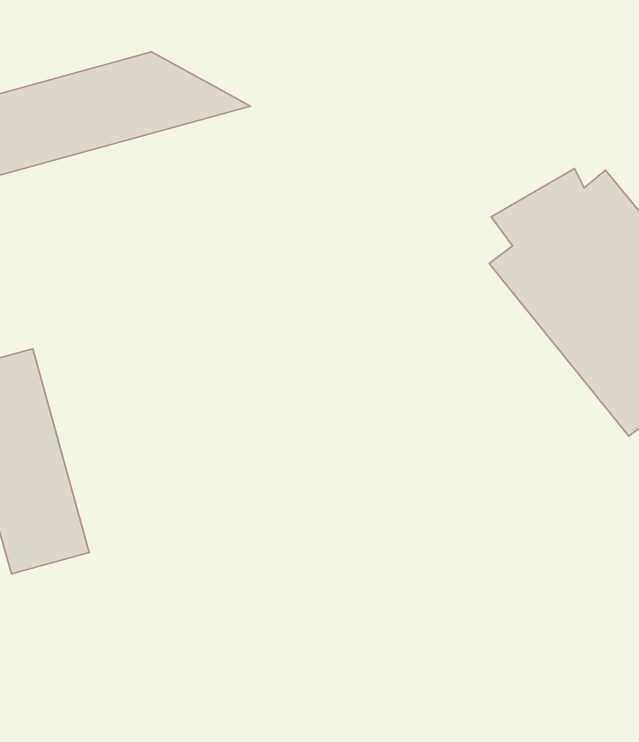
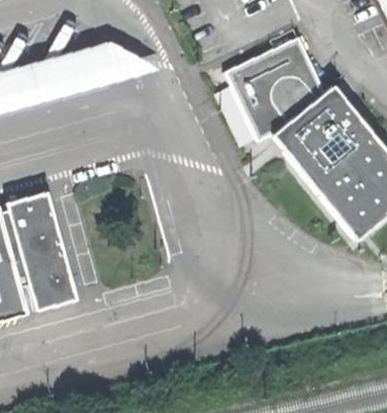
building: none -> [223,37,327,142]

